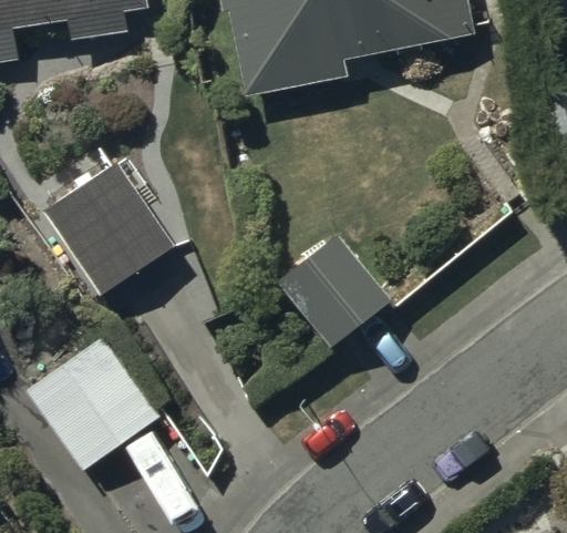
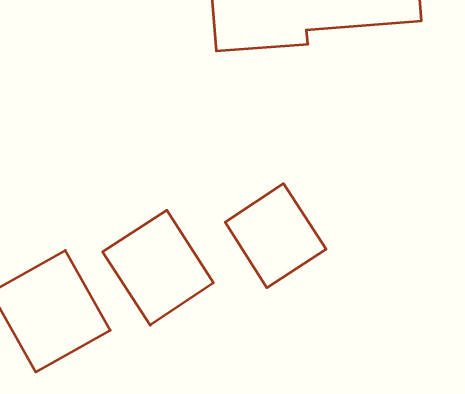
building: [42,158,175,295] -> none
building: none -> [103,210,213,325]

